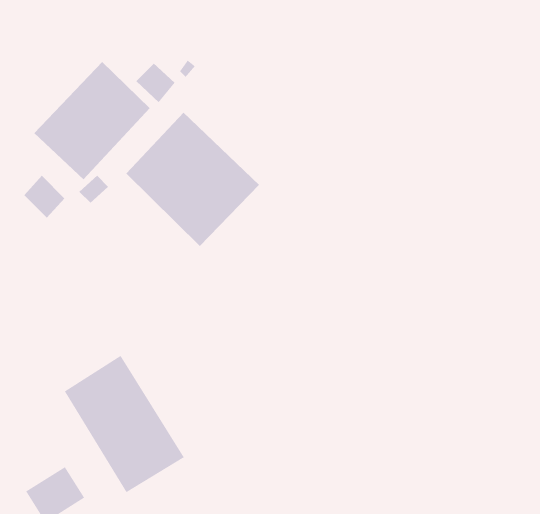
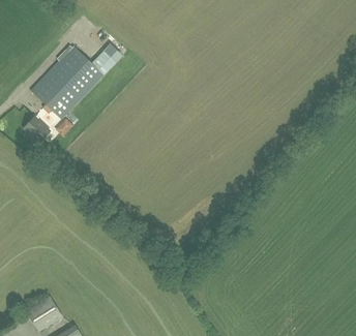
building: [125,112,260,247] -> none
building: [64,355,185,493] -> none

